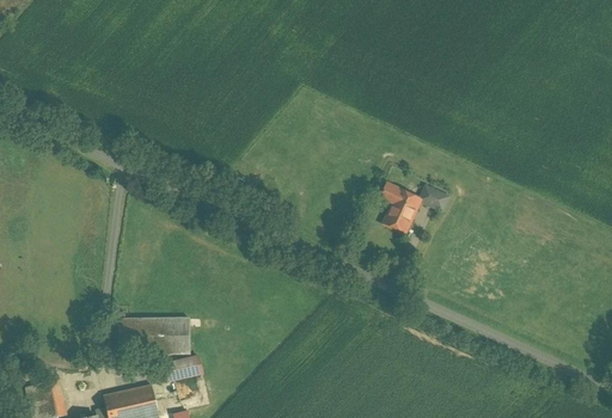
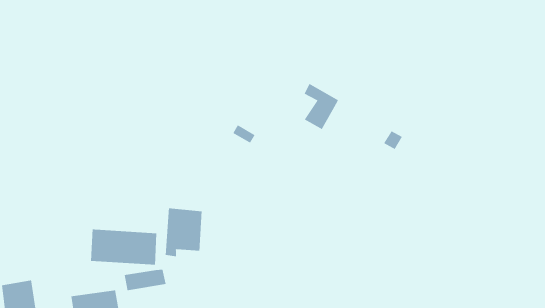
building: [382,183,421,232] -> [304,83,339,130]
building: none -> [165,208,202,257]

